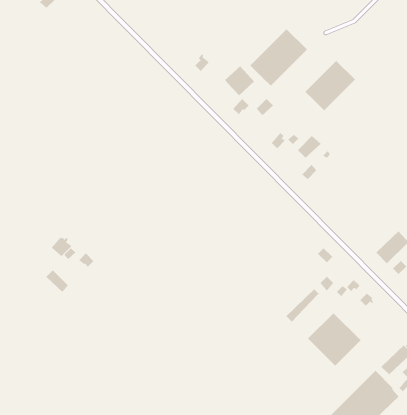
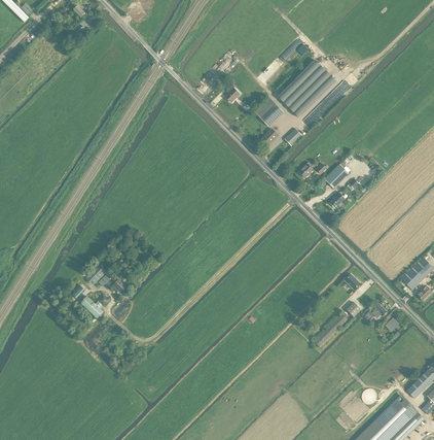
building: [305,60,356,111] -> none
building: [307,312,361,367] -> none

